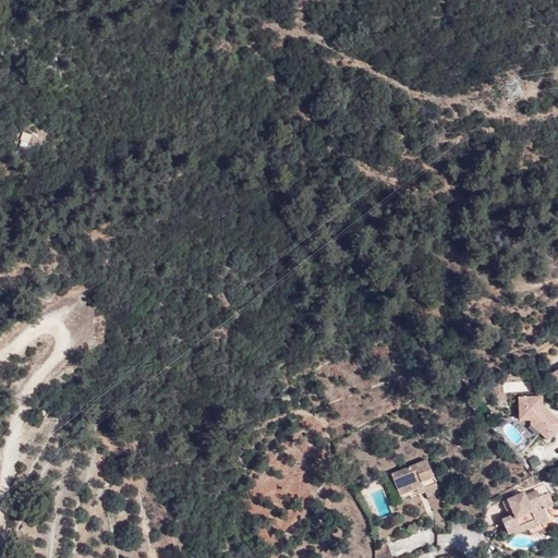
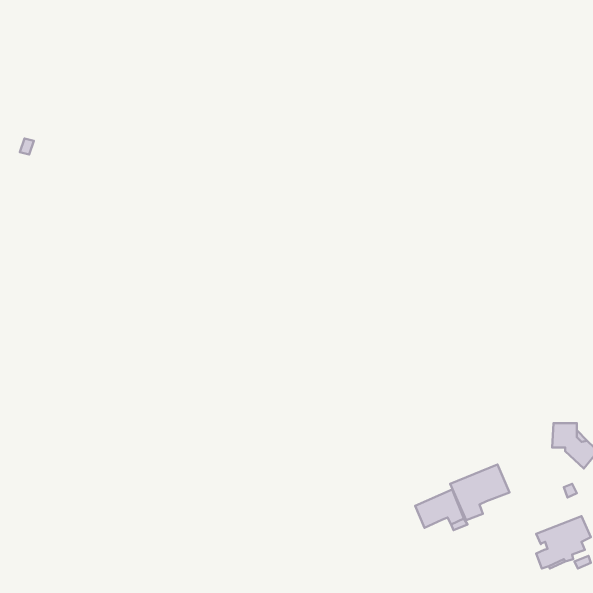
building: none -> [450,464,509,520]

